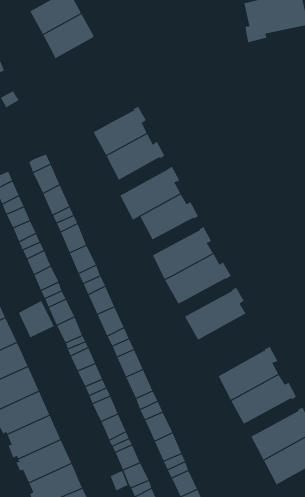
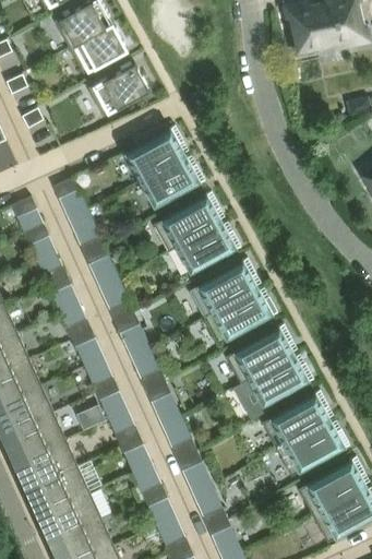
building: none -> [87,64,149,118]
building: [18,300,54,338] -> none
building: none -> [248,356,313,408]

